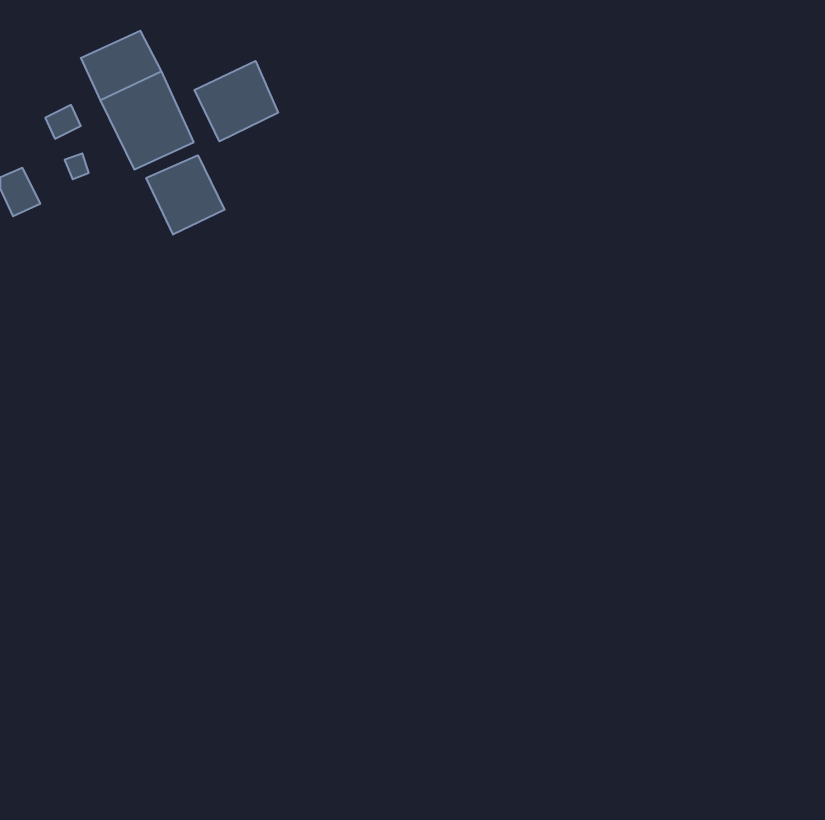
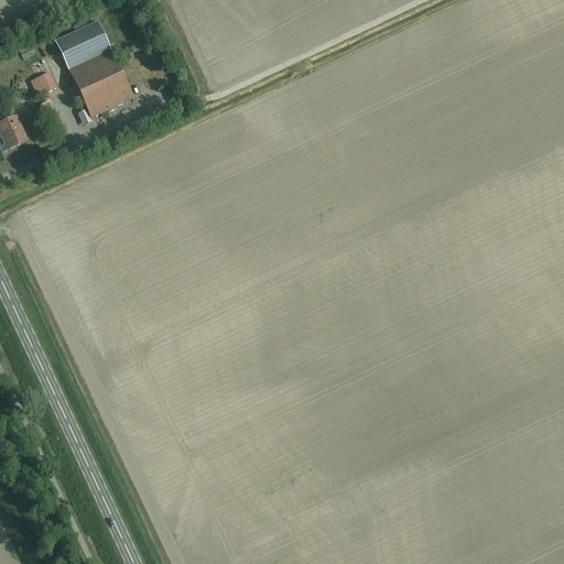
building: [195,61,278,141] -> none
building: [146,155,225,235] -> none

